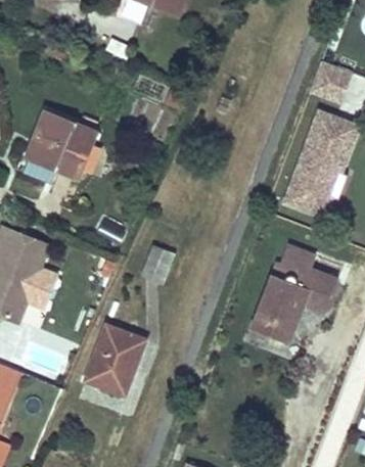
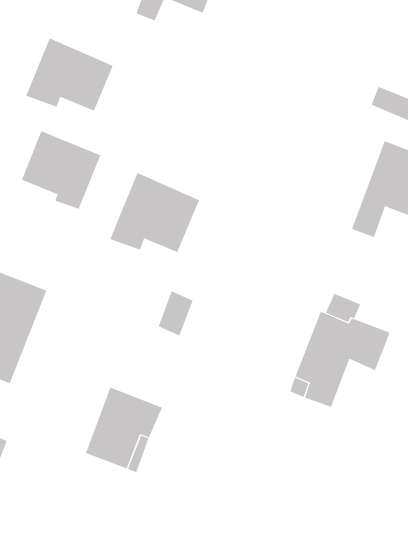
building: none -> [26,38,113,111]
building: none -> [109,172,200,253]

